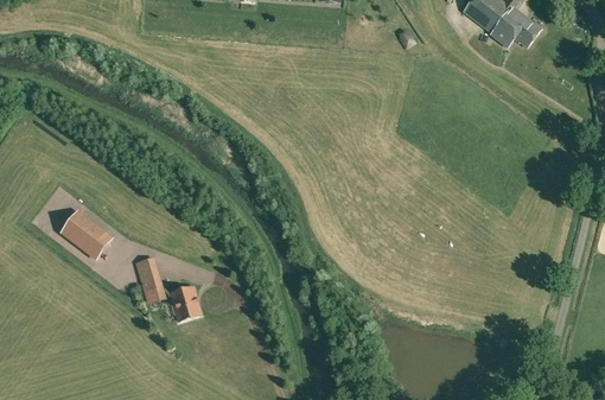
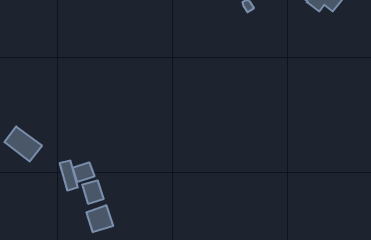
building: none -> [73,162,94,182]
building: none -> [87,205,113,232]

